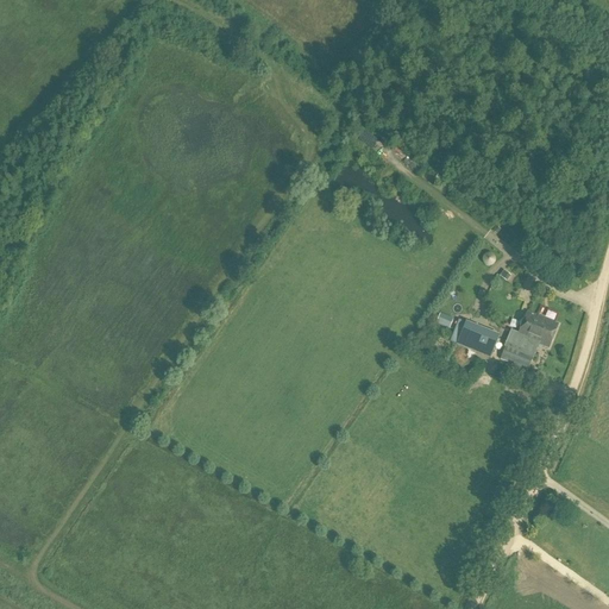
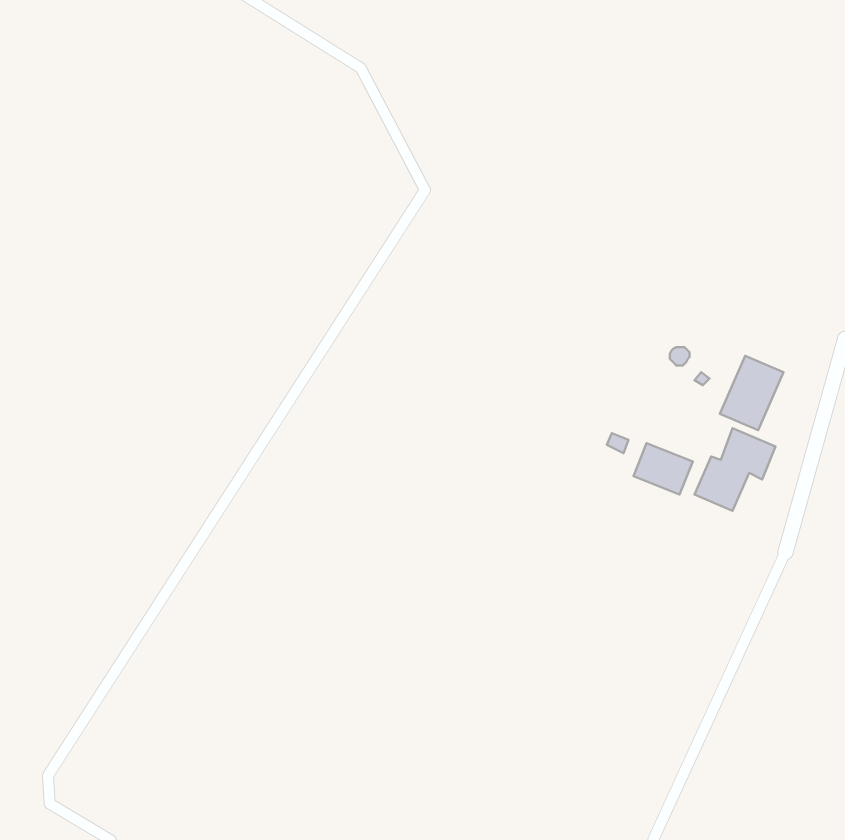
building: none -> [720,356,783,430]

